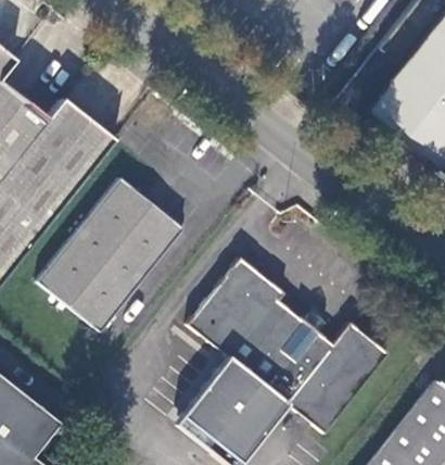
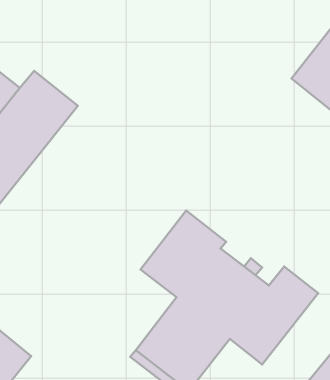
building: [36,176,183,329] -> none

